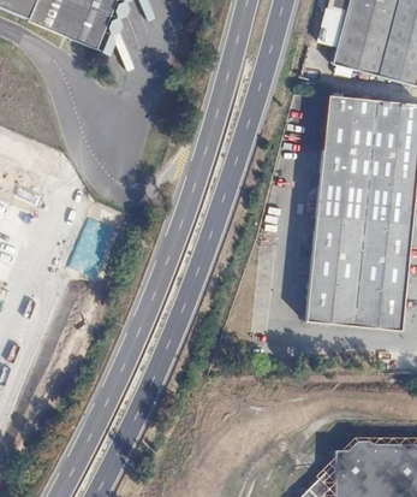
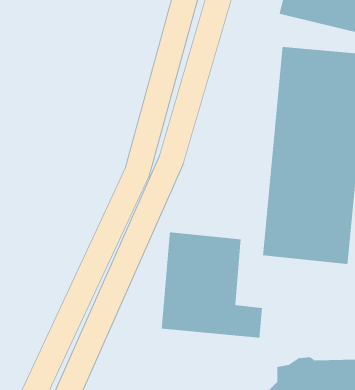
building: none -> [161,232,263,339]

